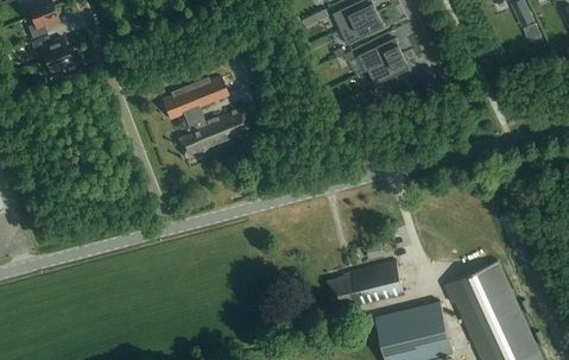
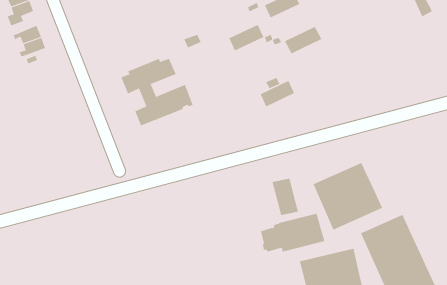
building: [341,13,384,45] -> [228,24,264,51]
building: [368,55,410,87] -> [260,80,295,107]
building: none -> [313,162,383,231]
building: none -> [272,178,298,216]

